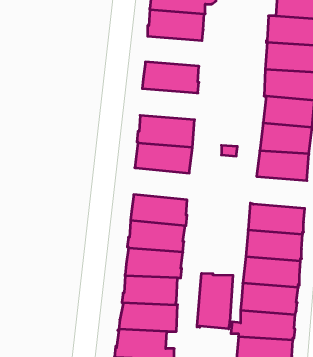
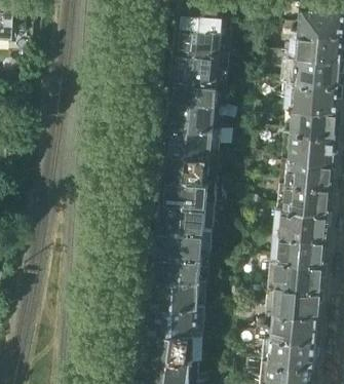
building: none -> [174,51,229,80]
building: none -> [169,102,224,131]
building: none -> [162,178,217,208]
building: none -> [278,186,330,217]
building: [197,273,233,329] -> none

